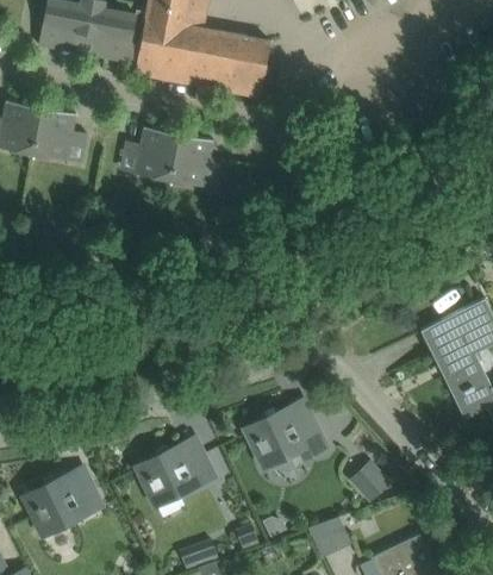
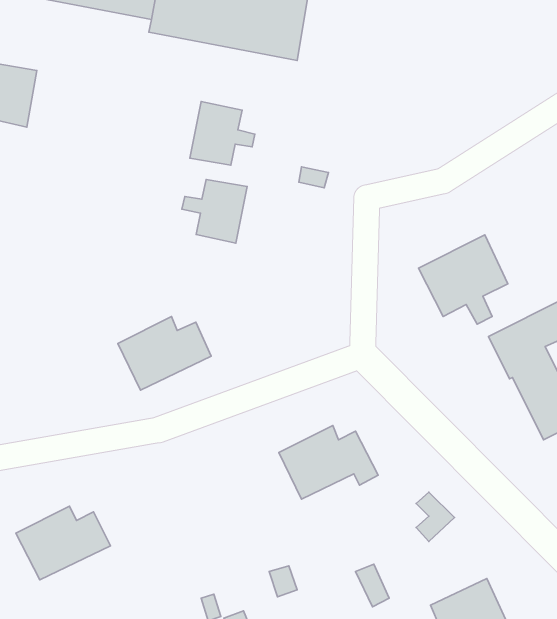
building: [32,107,87,161] -> none
building: [124,127,179,181] -> [182,179,247,243]
building: none -> [418,235,508,324]
building: [136,444,214,506] -> [118,316,211,390]

